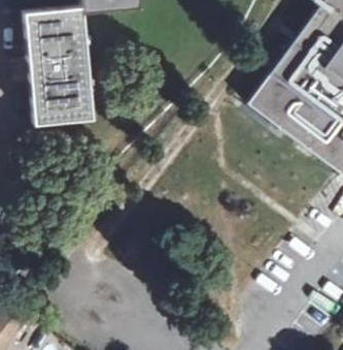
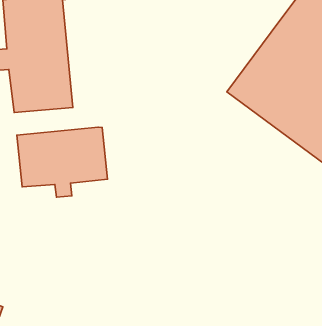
building: none -> [17,127,108,197]

